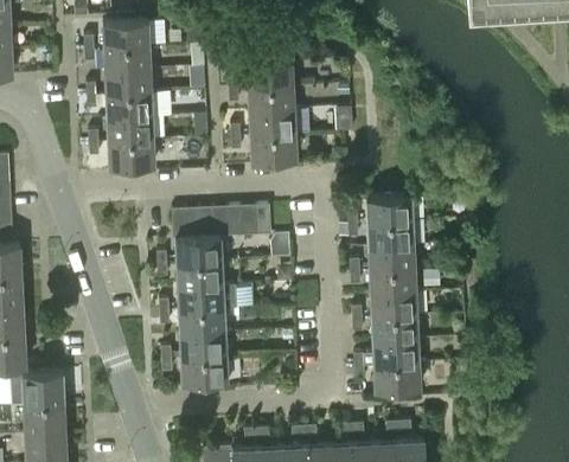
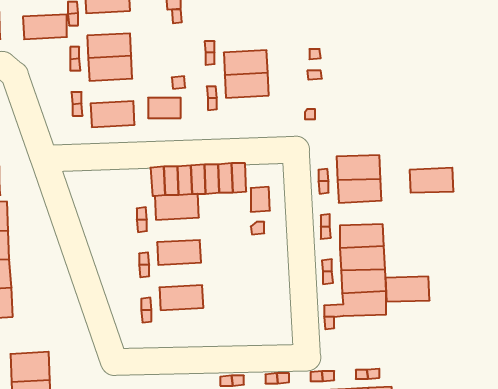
building: [103,47,149,73] -> [23,14,67,39]
building: [247,64,293,91] -> none
building: [107,118,153,145] -> none
building: [250,136,296,163] -> none
building: [369,246,415,272] -> [410,168,454,193]
building: [177,264,223,290] -> none
building: [179,312,225,338] -> none
building: [181,359,228,386] -> none
building: [373,366,420,392] -> [386,277,430,301]
building: [23,374,64,408] -> none

